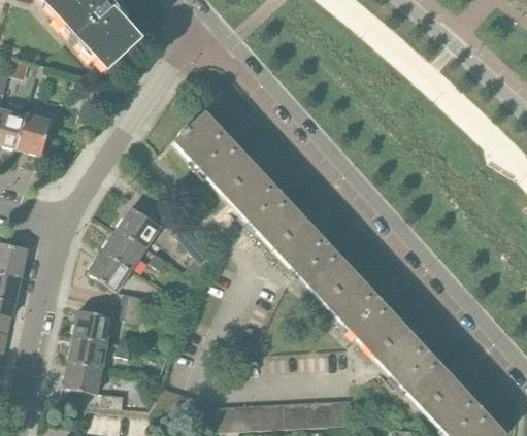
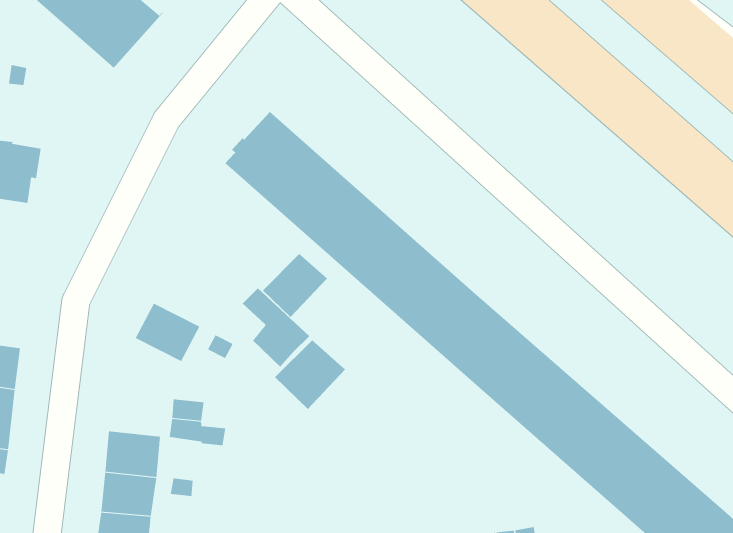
building: none -> [262,253,328,318]
building: [118,205,161,246] -> none
building: [89,249,132,291] -> none
building: none -> [274,339,346,410]

